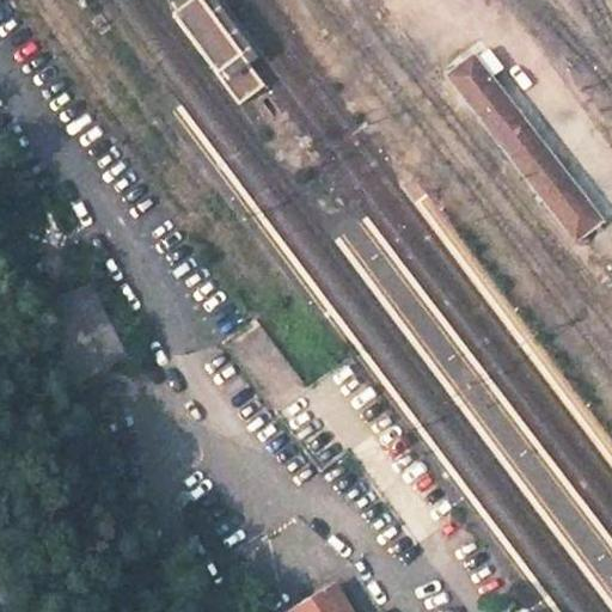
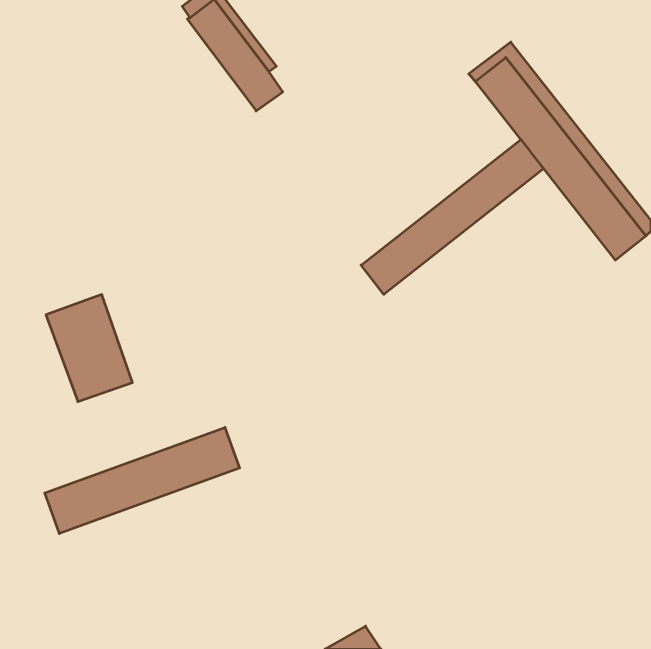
building: none -> [361,140,544,294]
building: none -> [45,427,240,534]

